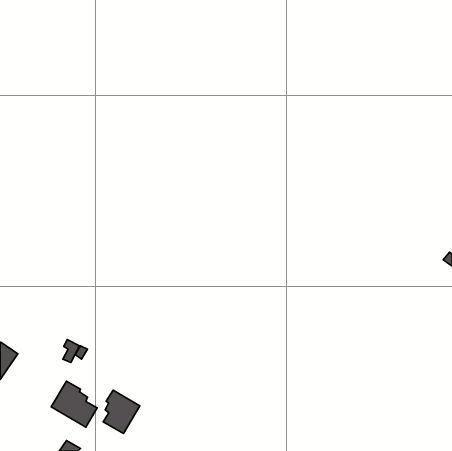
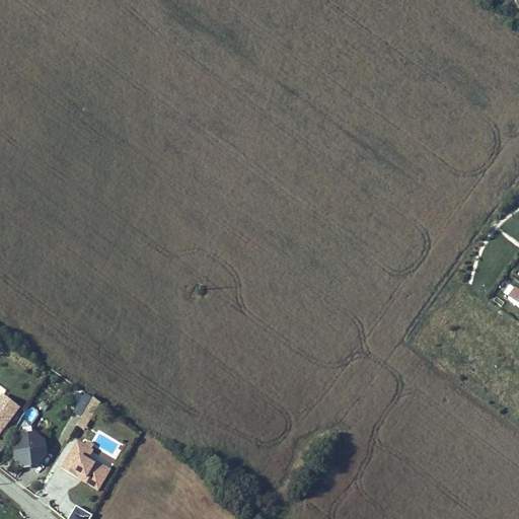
building: none -> [13,426,47,467]
building: [103,390,140,434] -> none

